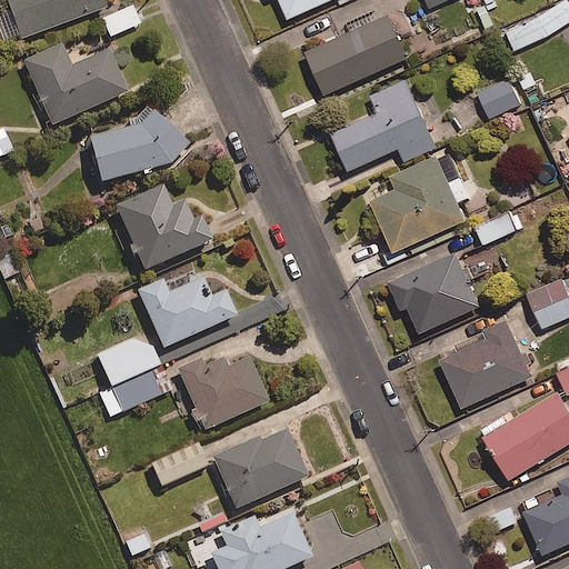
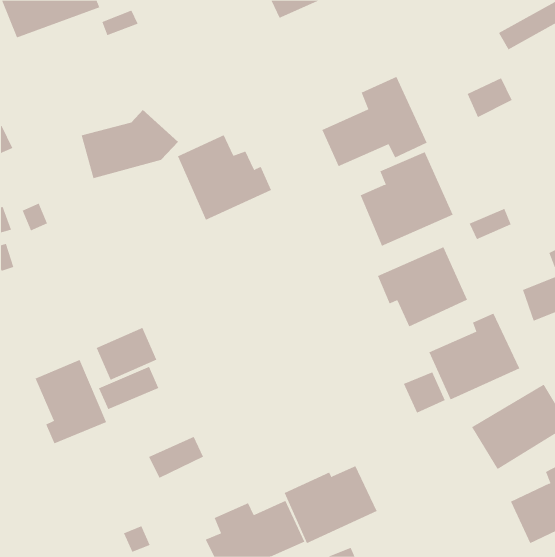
building: [305,13,408,94] -> none
building: [20,43,126,126] -> none
building: [111,183,208,271] -> [177,134,272,221]
building: [134,277,236,349] -> none
building: [174,355,267,431] -> none
building: none -> [35,359,107,444]
building: none -> [403,371,446,414]
building: [213,426,309,506] -> [284,465,378,544]

